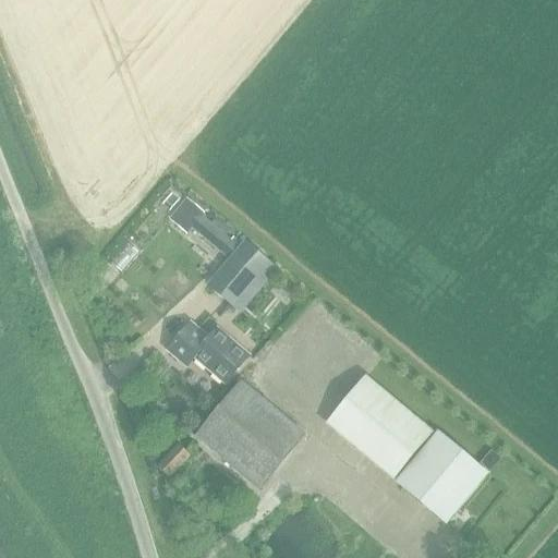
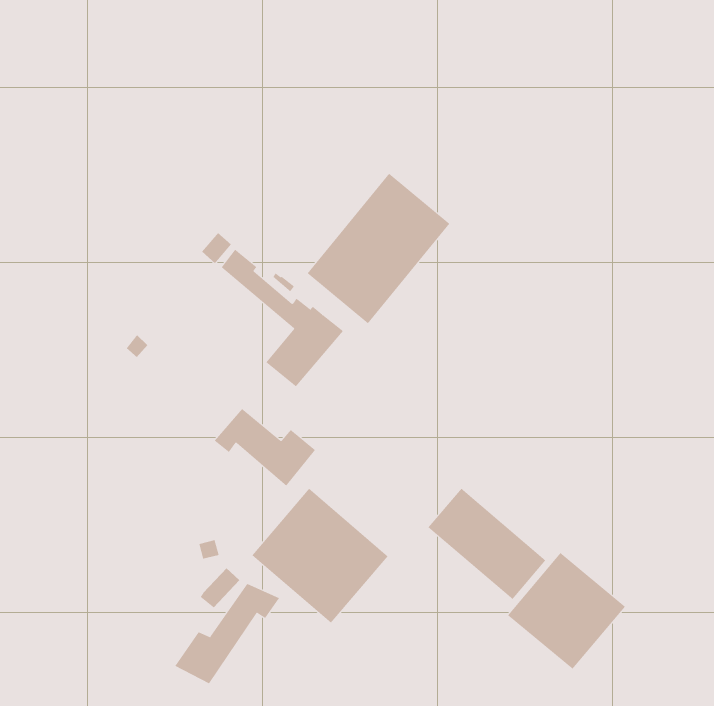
building: none -> [307,173,450,324]
building: none -> [174,583,280,684]

